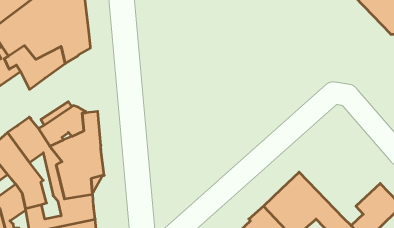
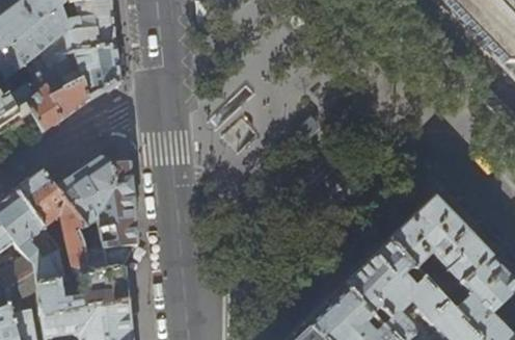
building: none -> [388,194,492,298]

